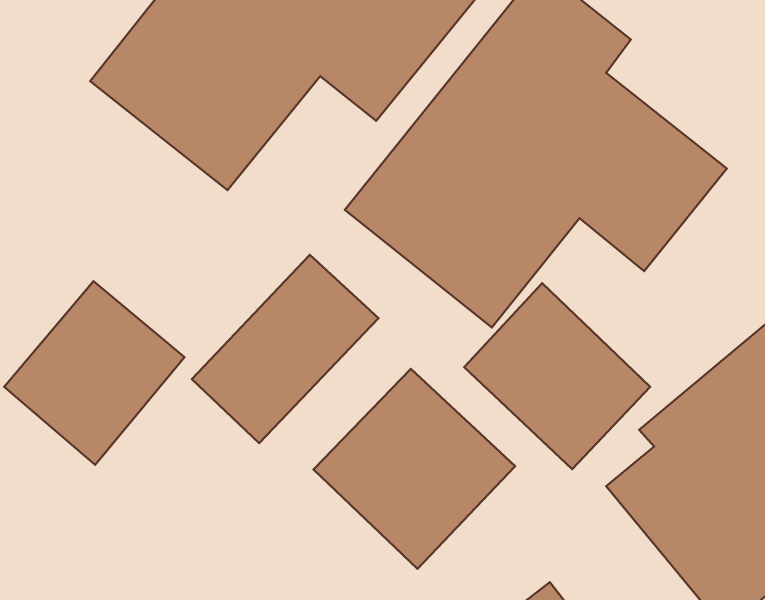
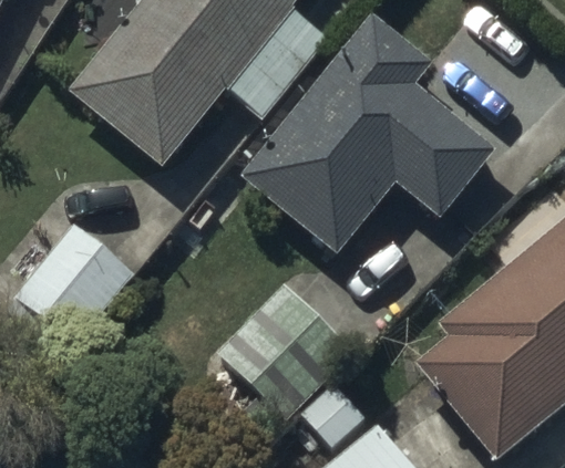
building: [192,255,379,443] -> none
building: [464,283,650,469] -> none

